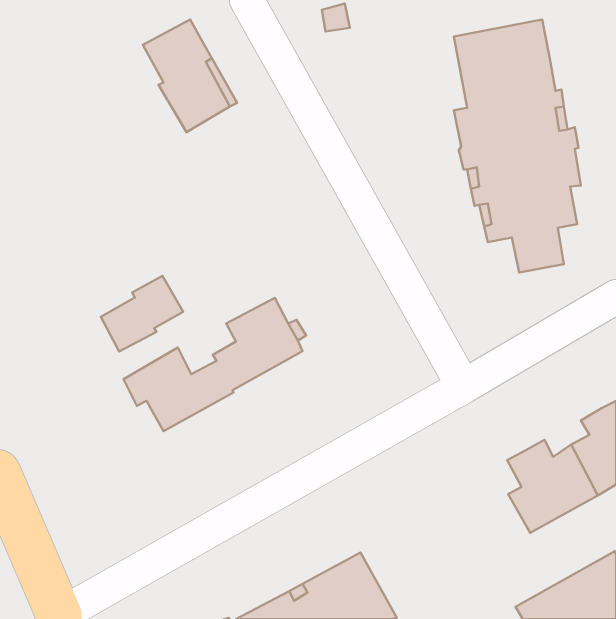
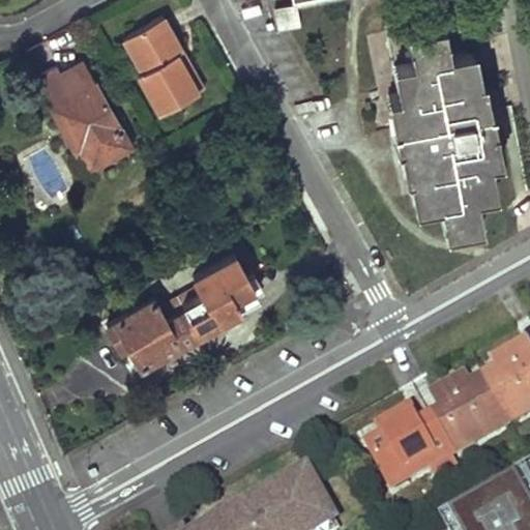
building: none -> [38,61,129,169]
building: [101,276,183,351] -> none
building: none -> [372,407,453,489]

